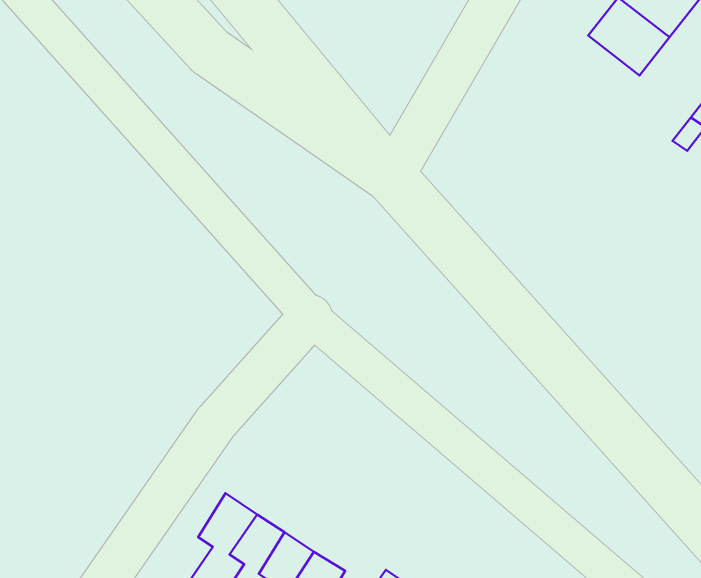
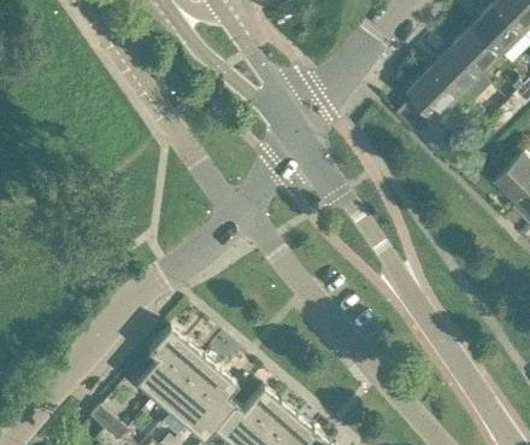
building: none -> [406,69,459,119]

